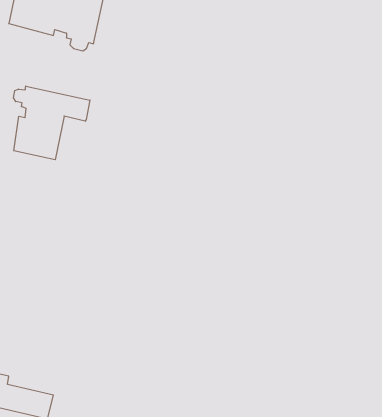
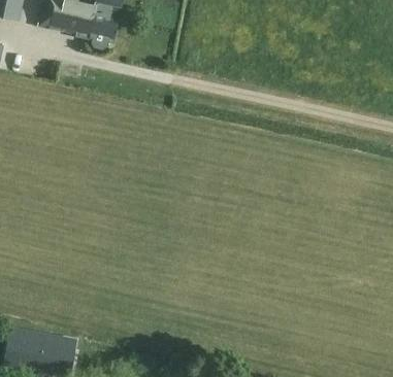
building: [14,86,90,160] -> none

